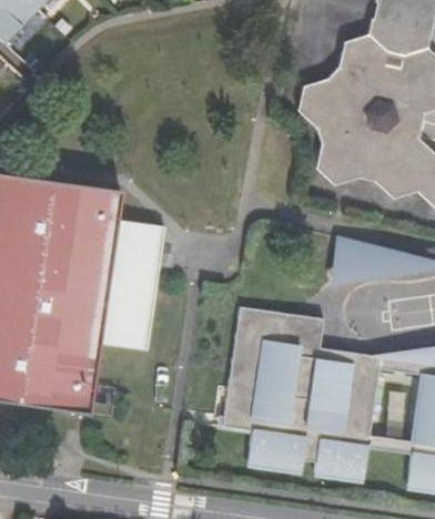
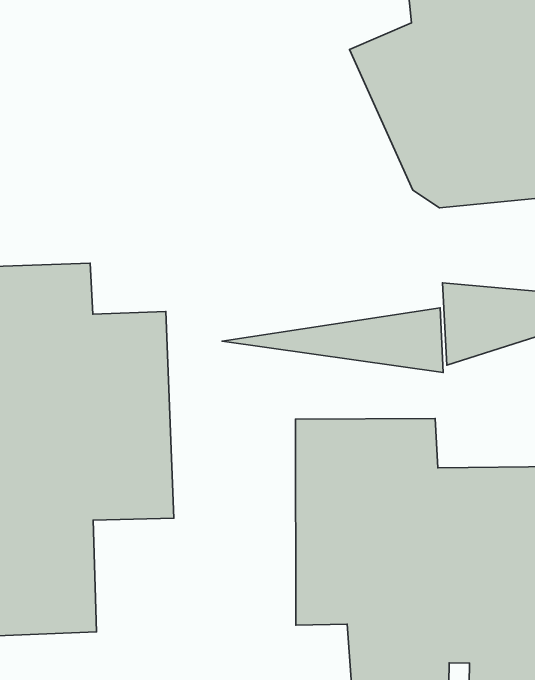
building: none -> [222,308,443,372]

